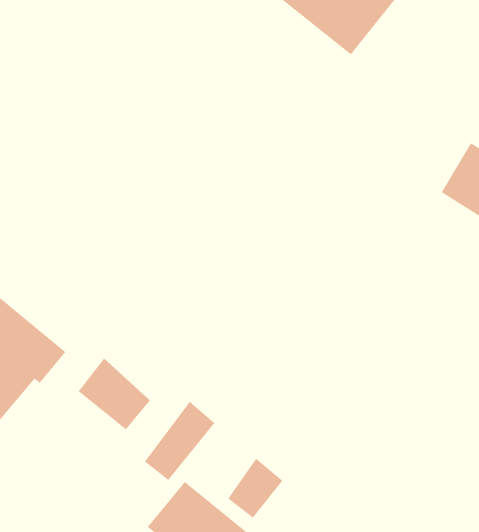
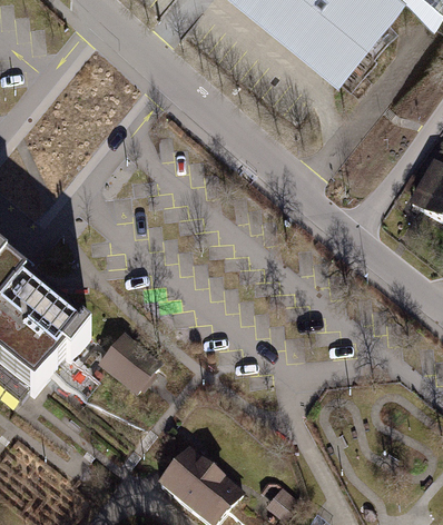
building: [144,401,215,481] -> none
building: [228,458,283,519] -> none

